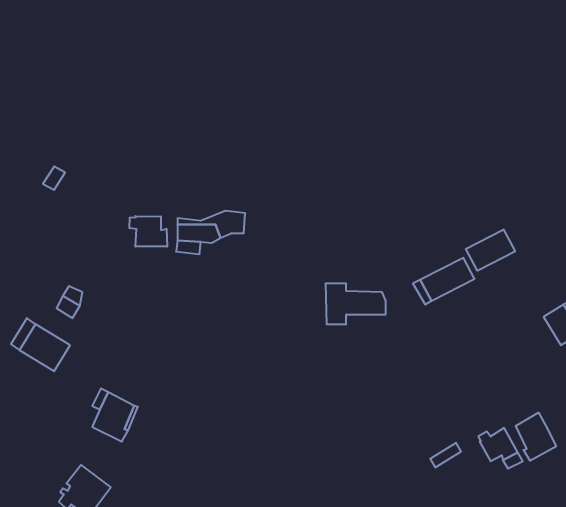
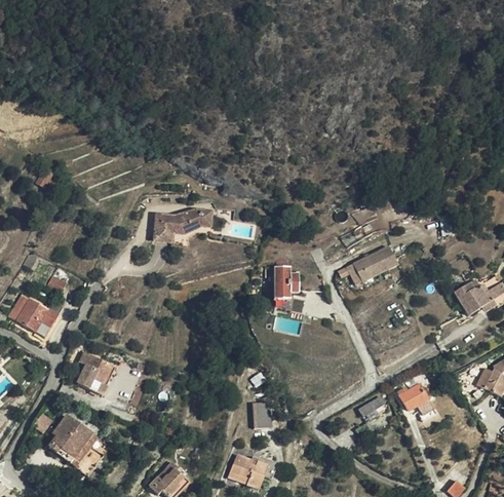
building: [130,216,167,247] -> none
building: [466,229,515,271] -> none
building: [516,413,556,461] -> none
building: none -> [253,402,271,429]

